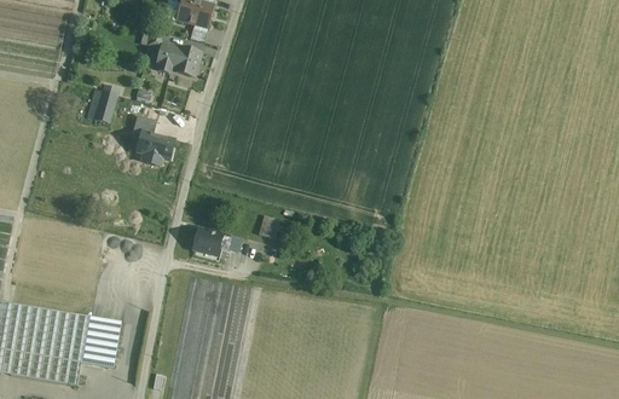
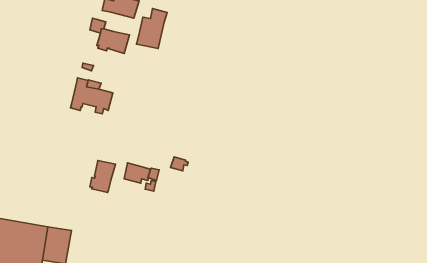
building: none -> [136,8,167,49]
building: [86,89,116,125] -> none
building: none -> [90,160,115,193]

